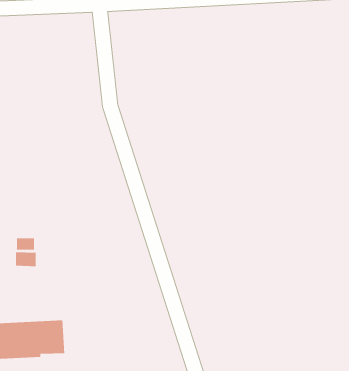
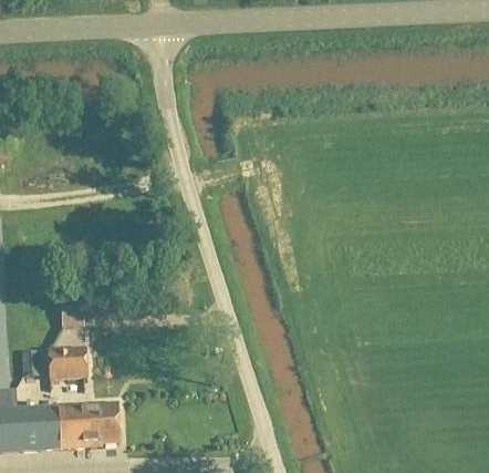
building: none -> [46,347,82,377]

